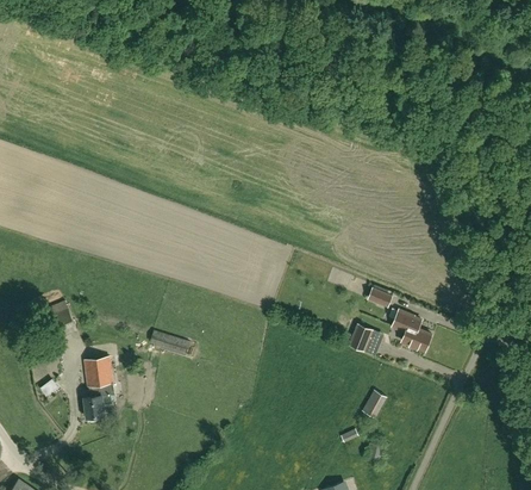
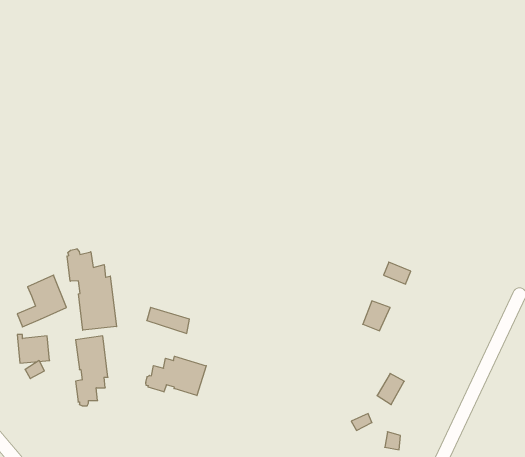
building: none -> [67,249,117,330]
building: [393,309,432,351] -> none
building: none -> [146,356,206,396]

